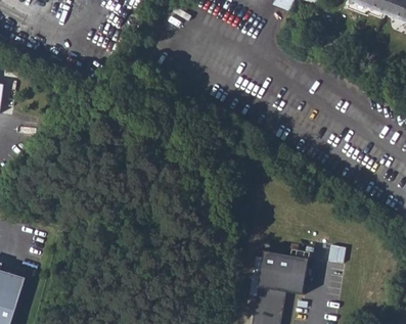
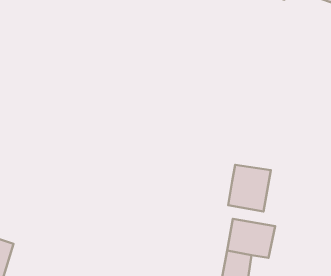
building: none -> [228,165,271,211]

